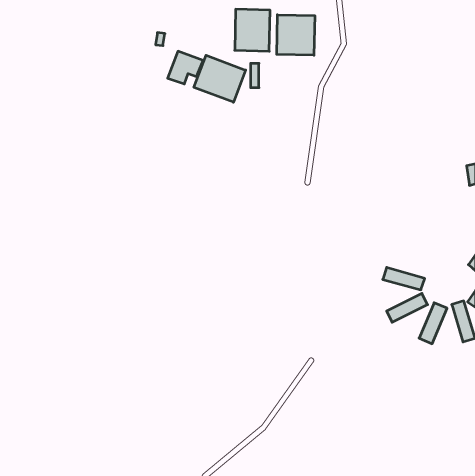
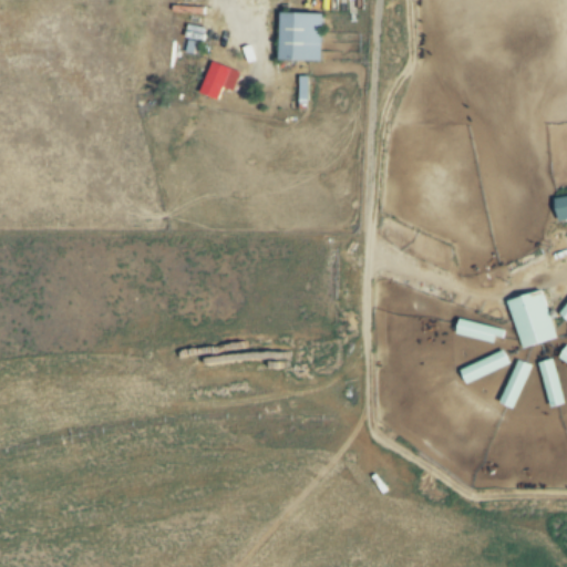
building: [277,15,315,55] -> none
building: [194,55,246,102] -> none
building: none -> [506,289,556,349]

